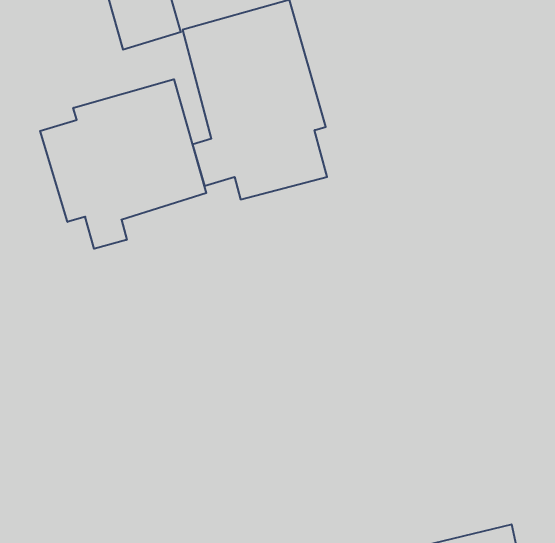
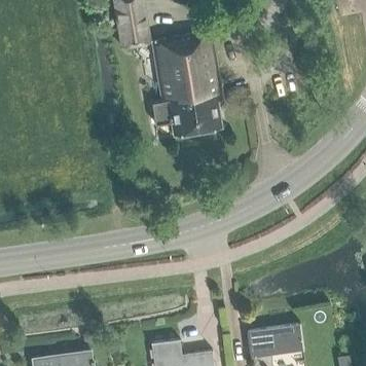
building: [40,79,206,249] -> none

